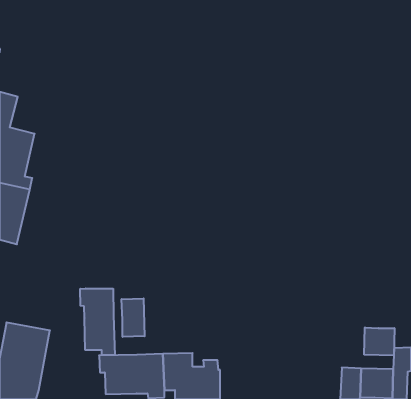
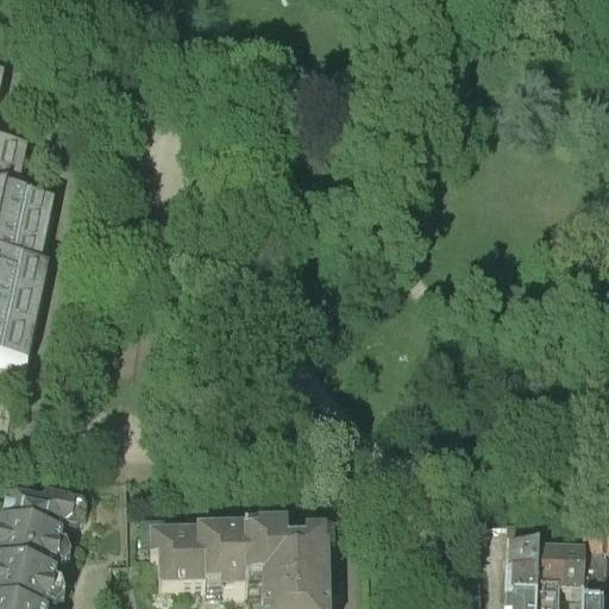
building: [80,288,115,355] -> none
building: [122,298,145,337] -> none
building: [364,327,394,356] -> none

